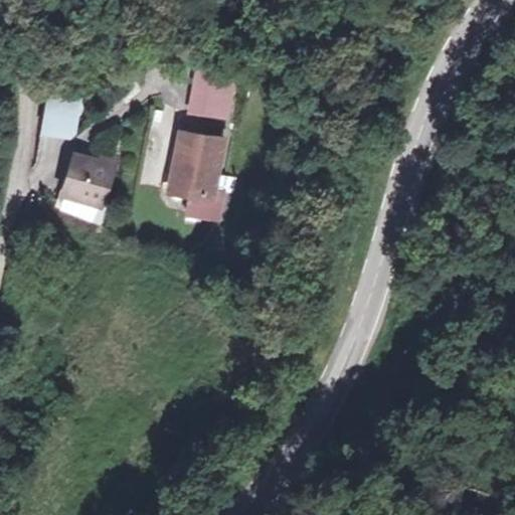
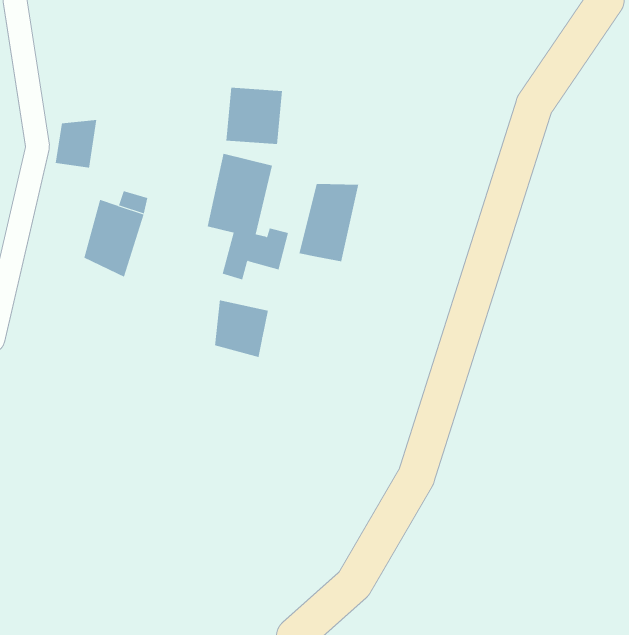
building: none -> [299,183,359,262]
building: none -> [215,299,269,358]

